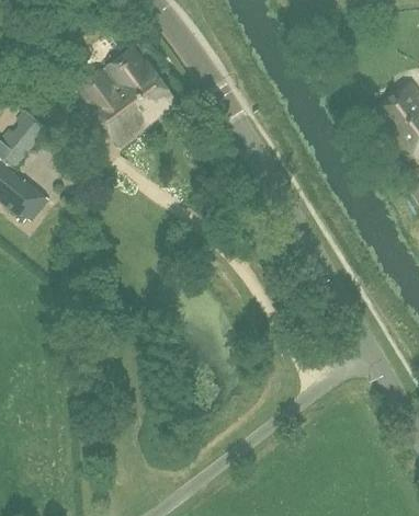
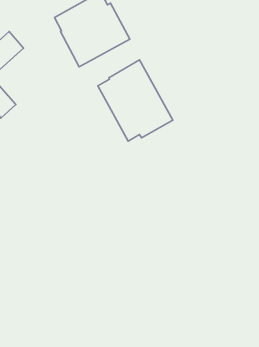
building: none -> [98,60,173,141]

